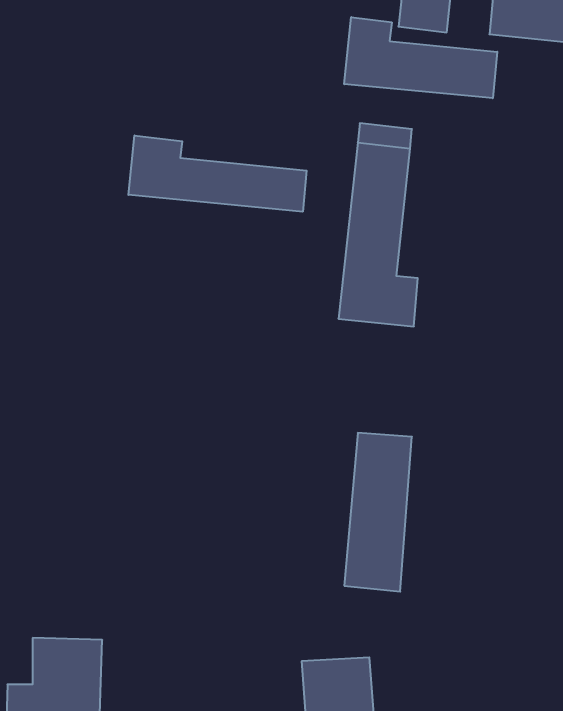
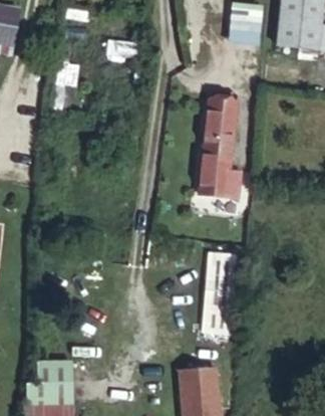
building: [344,17,497,98] -> none
building: [128,135,307,212] -> none

